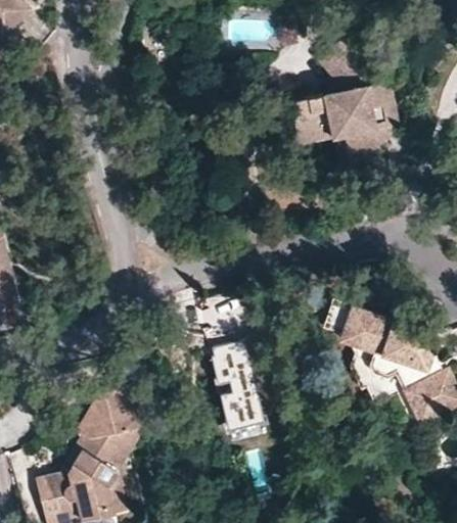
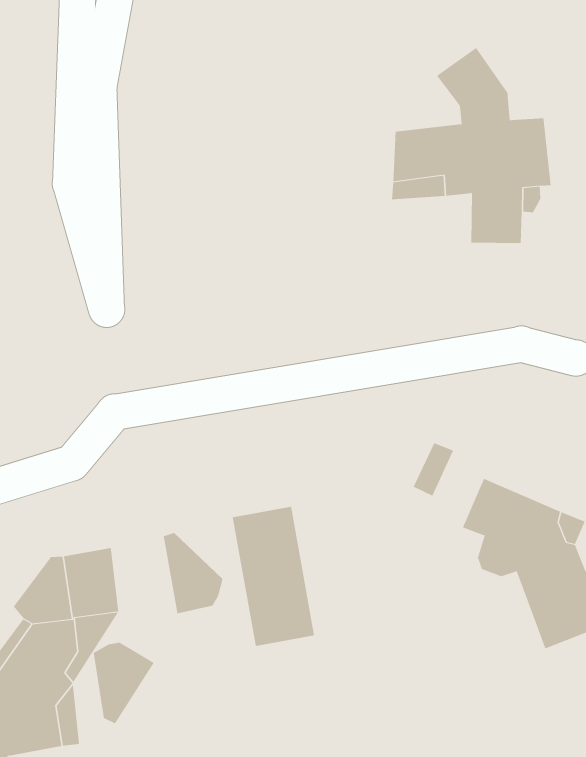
building: none -> [163,532,223,614]
building: none -> [93,642,155,724]

